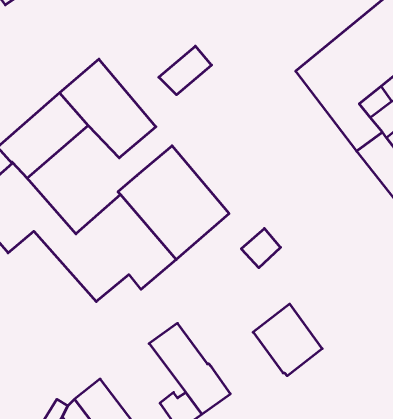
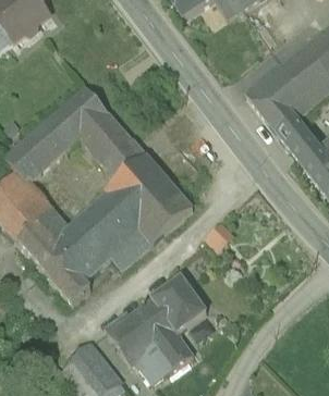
building: [159,46,212,95] -> [105,138,147,177]
building: none -> [15,222,90,302]
building: [253,304,322,376] -> [151,273,207,331]
building: none -> [107,312,158,363]

